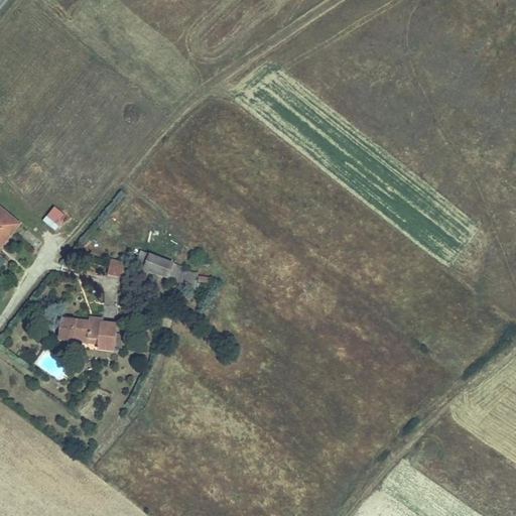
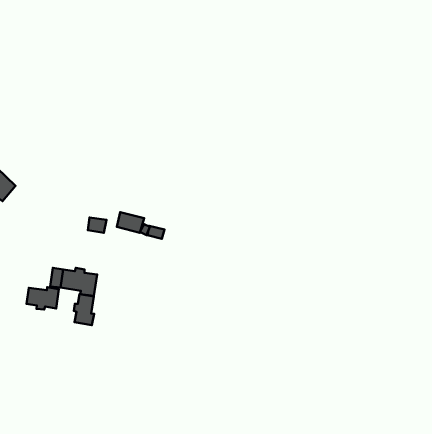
building: none -> [26,287,59,309]
building: none -> [74,294,94,325]

